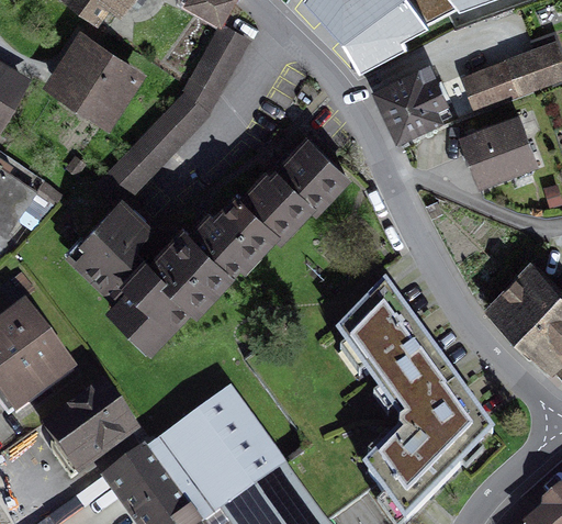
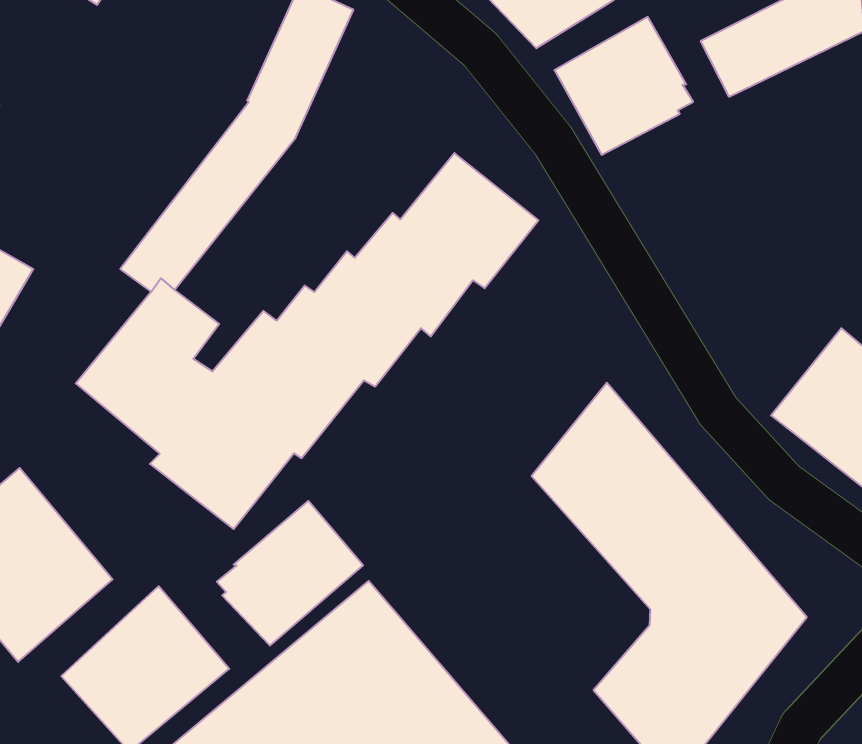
building: [42,29,147,130] -> none
building: [459,111,540,186] -> none
building: none -> [217,501,363,646]

